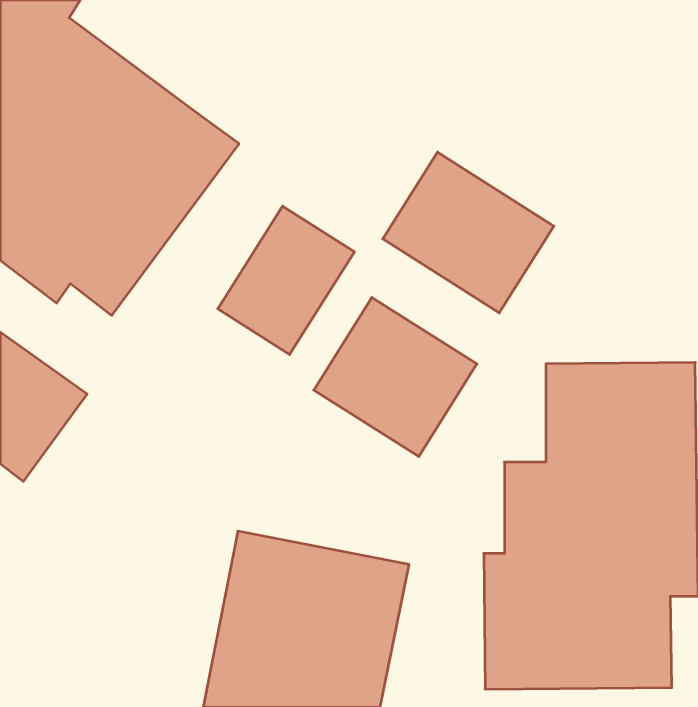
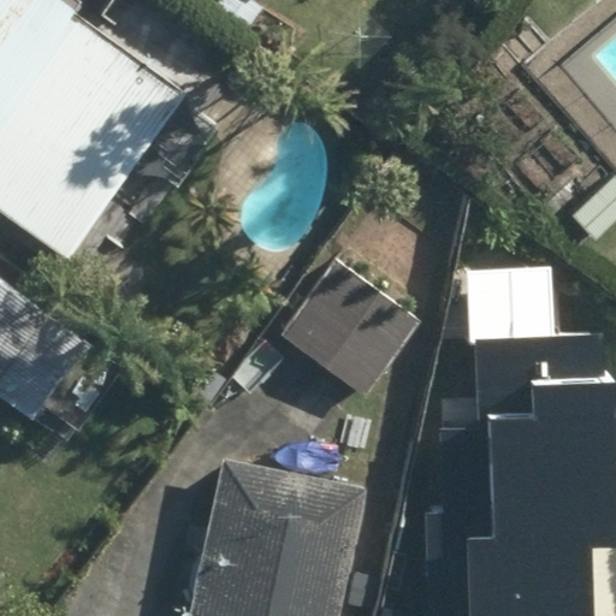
building: [383,152,554,313] -> none
building: [218,206,354,355] -> none

